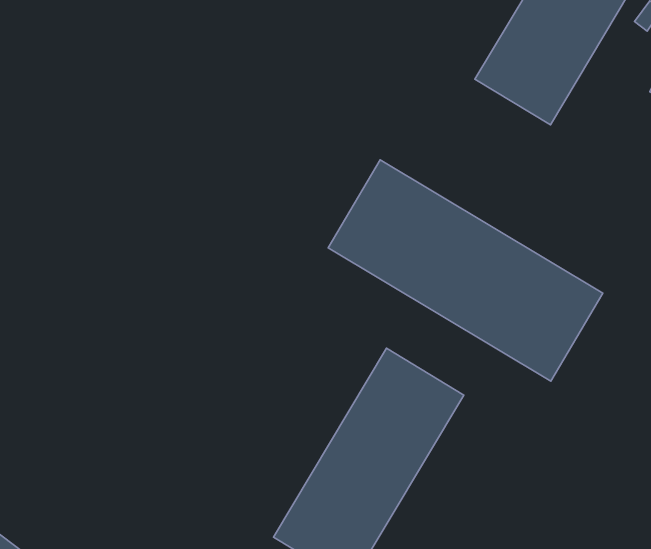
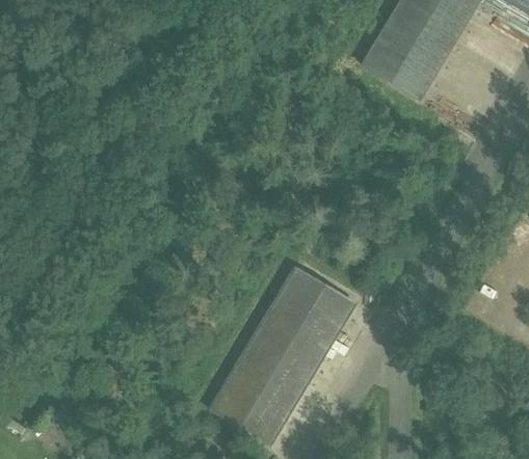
building: [328,160,603,381] -> none

